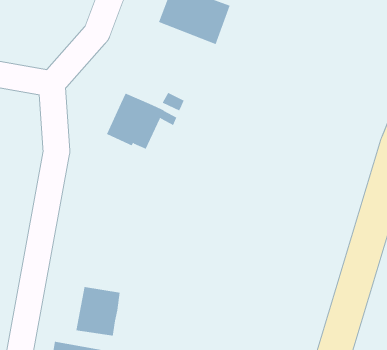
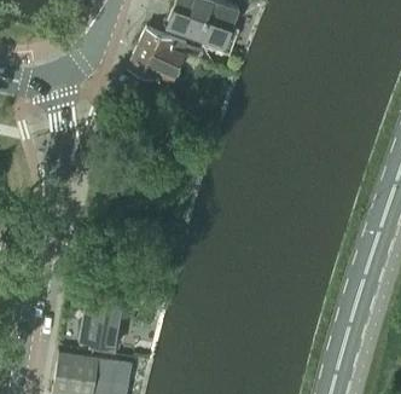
building: [106,93,177,150] -> [128,27,200,85]

